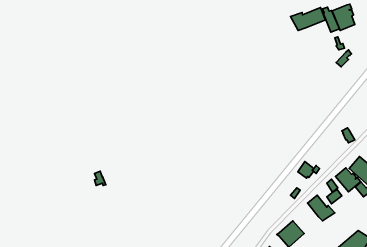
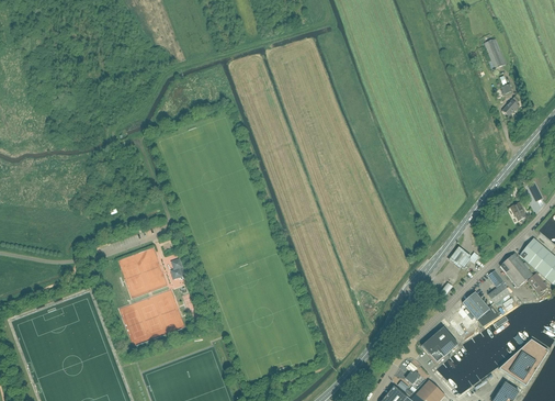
building: [332,4,355,30] -> none
building: [291,7,326,30] -> none

